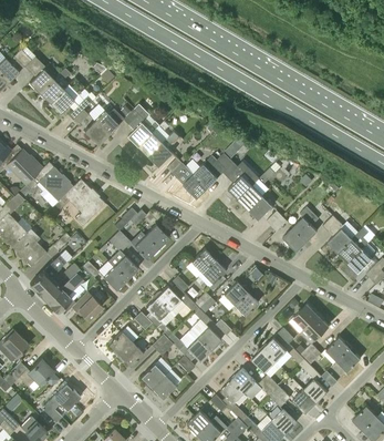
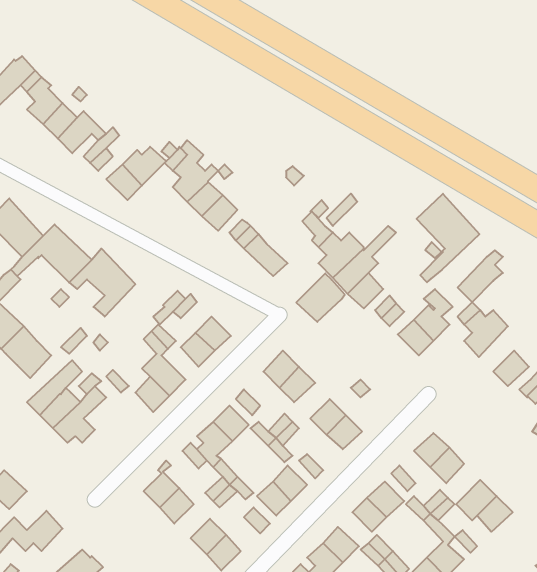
building: none -> [417,194,479,282]
building: [194,155,227,188] -> [296,273,345,322]
building: [339,227,370,263] -> [458,250,503,302]
building: [72,291,103,319] -> none

